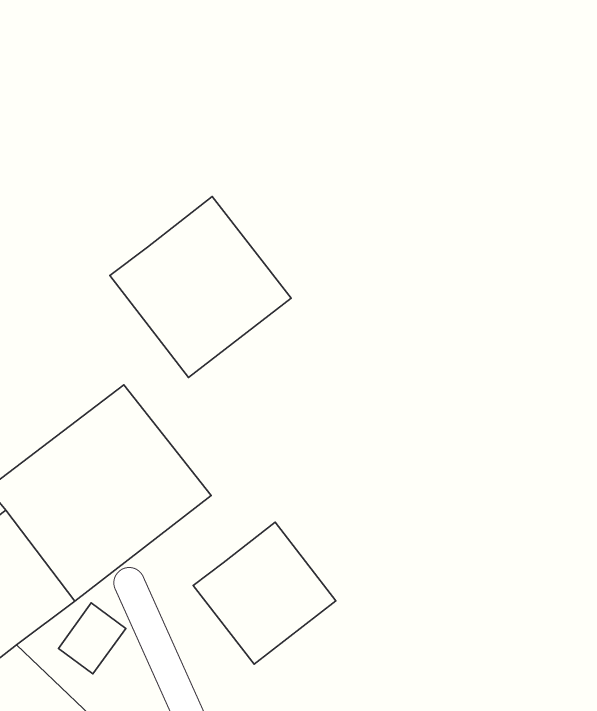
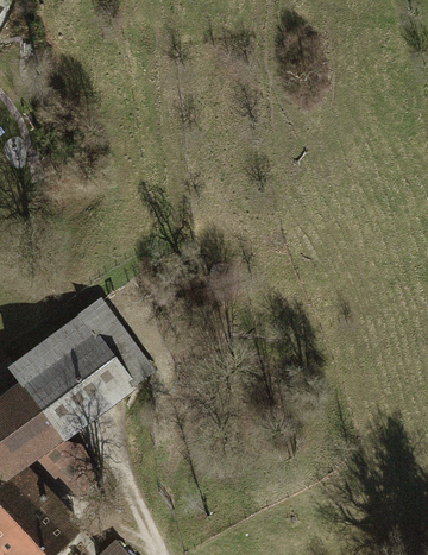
building: [110,196,291,377] -> none
building: [193,522,336,664] -> none

